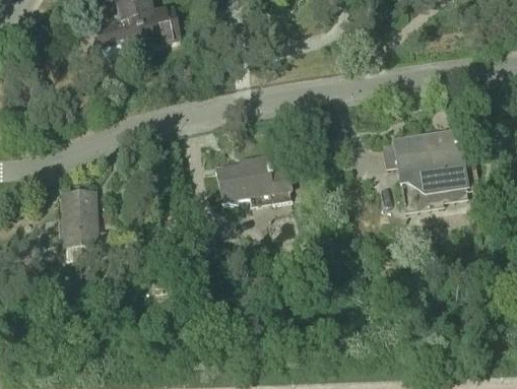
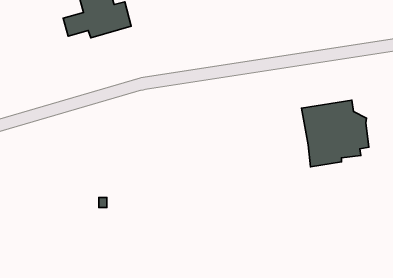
building: [215,154,290,202] -> none
building: [62,191,104,247] -> none

